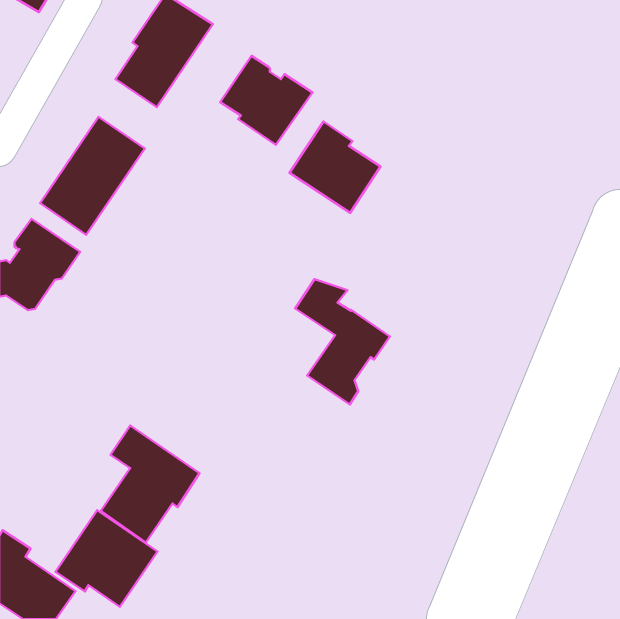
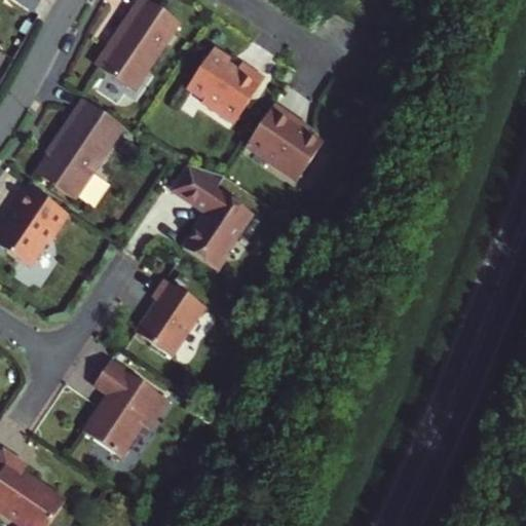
building: [295,279,390,405] -> [174,164,254,270]
building: none -> [135,278,204,355]
building: [56,510,158,607] -> none

